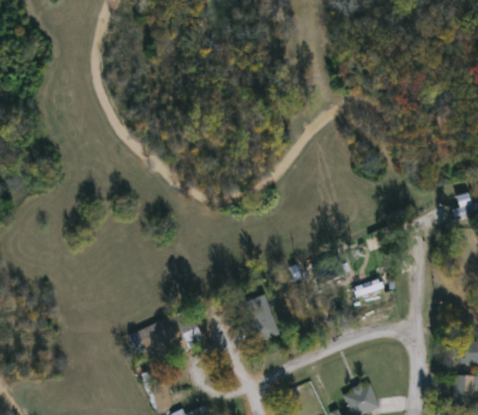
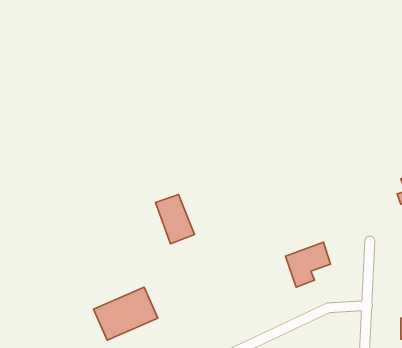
building: [241,291,282,343] -> [155,194,195,244]

